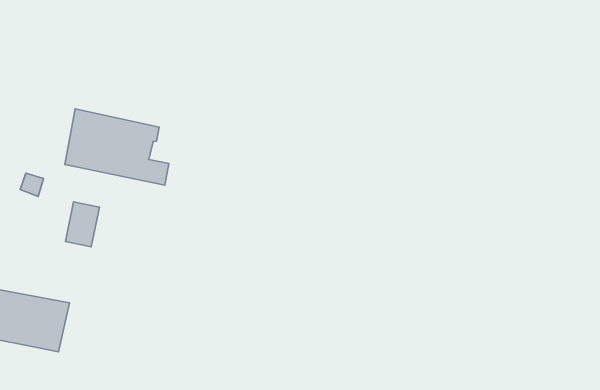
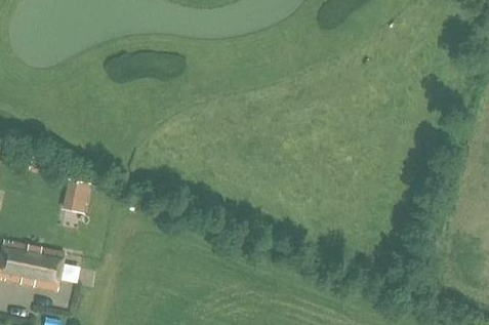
building: [65,109,169,185] -> none

